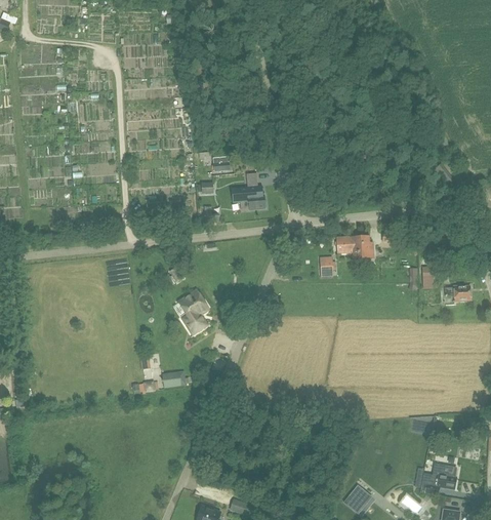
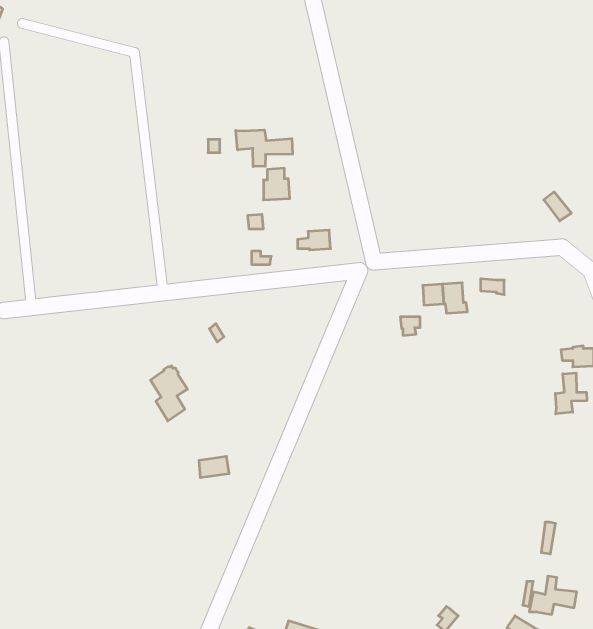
building: none -> [236,130,293,167]
building: [179,290,208,333] -> [151,366,187,421]
building: none -> [555,373,587,414]

